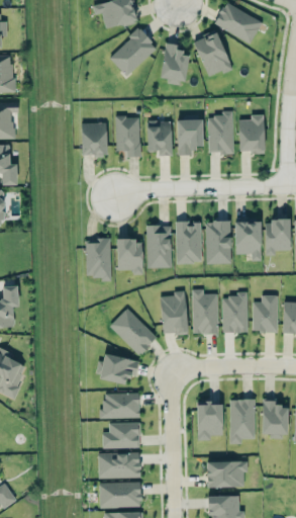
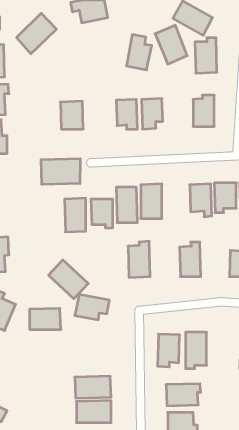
building: [109,28,157,77] -> [17,13,56,54]
building: [207,111,233,154] -> [195,38,217,73]
building: [115,116,140,157] -> none
building: none -> [41,159,80,184]
building: [205,222,231,264] -> none
building: [192,289,217,334] -> none
building: [253,295,278,332] -> none
building: [109,309,157,355] -> [49,260,88,299]
building: [102,393,139,418] -> [30,308,61,329]
building: [262,399,288,437] -> none
building: [102,423,140,448] -> none

